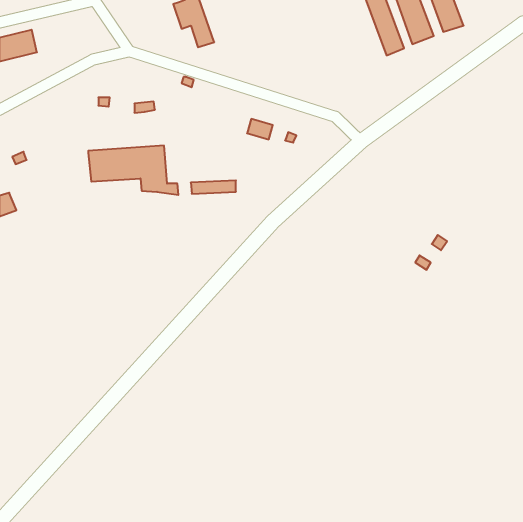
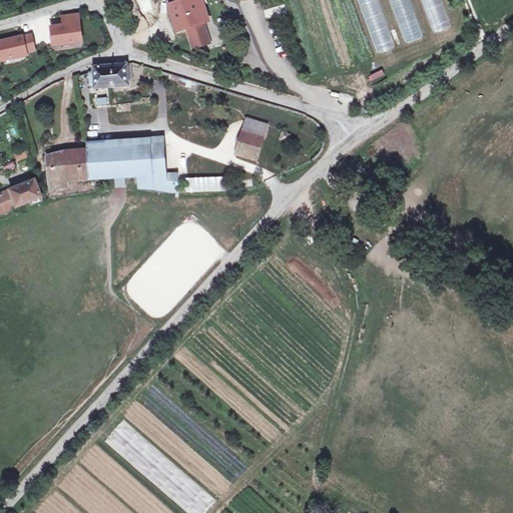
building: none -> [48,10,82,46]
building: none -> [92,62,128,87]
building: none -> [235,130,263,158]
building: none -> [46,149,89,186]
building: none -> [9,178,41,205]

